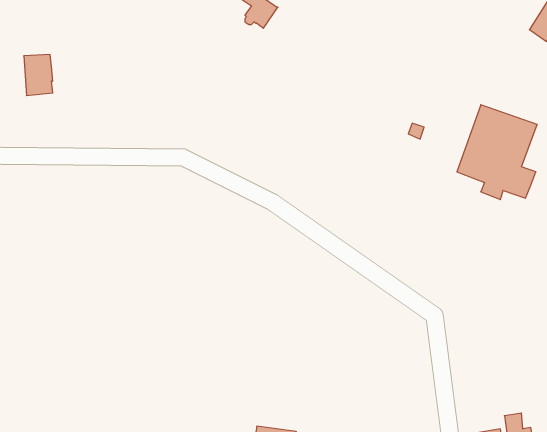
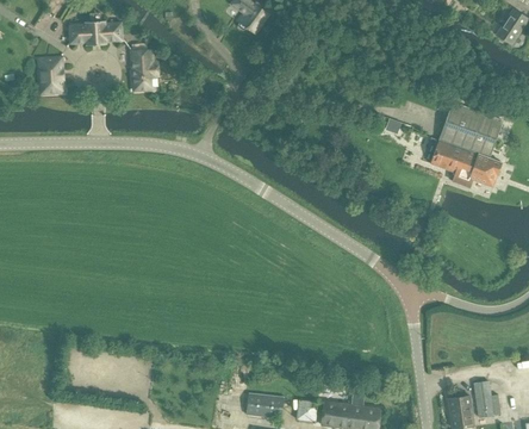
building: none -> [69,13,123,44]
building: none -> [132,49,158,87]

